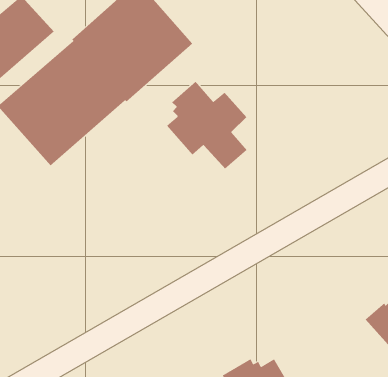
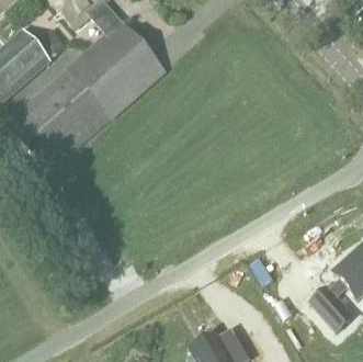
building: [166,81,247,169] -> none

